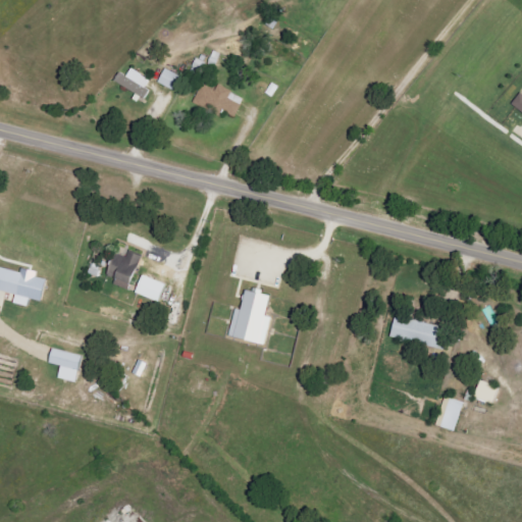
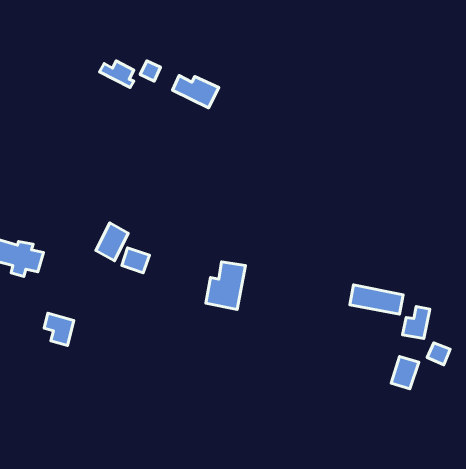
building: none -> [403,307,430,339]

